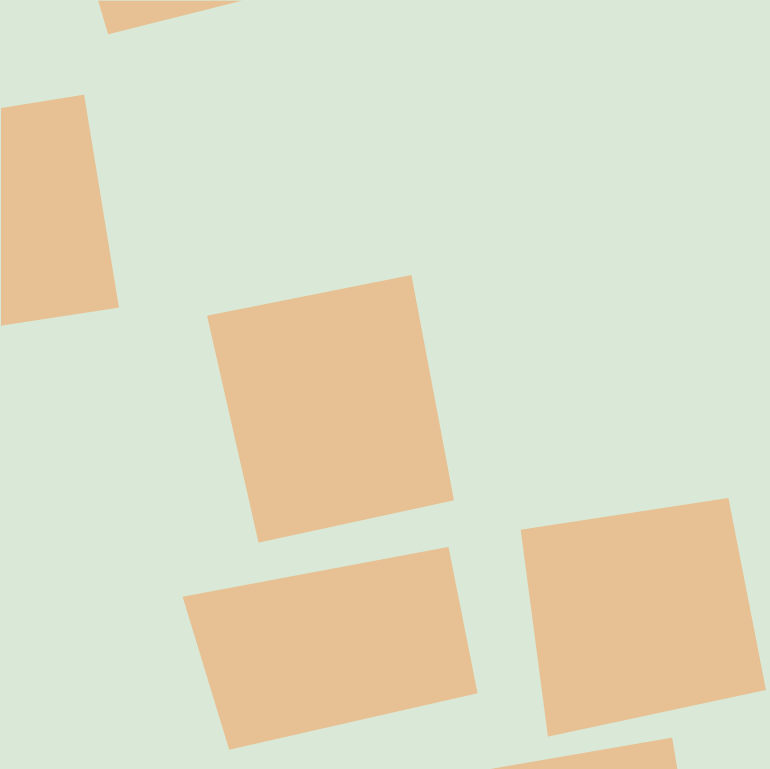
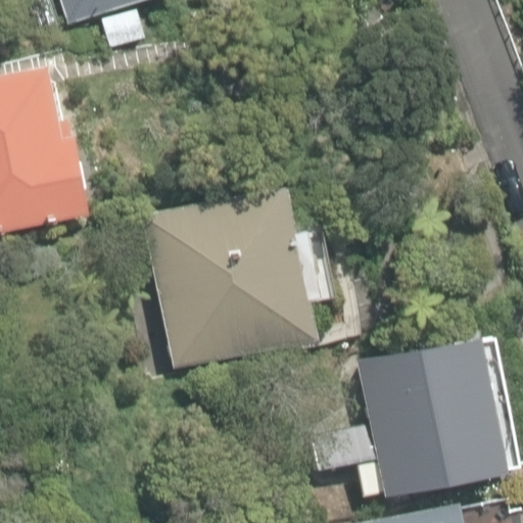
building: [182,546,478,750] -> none

